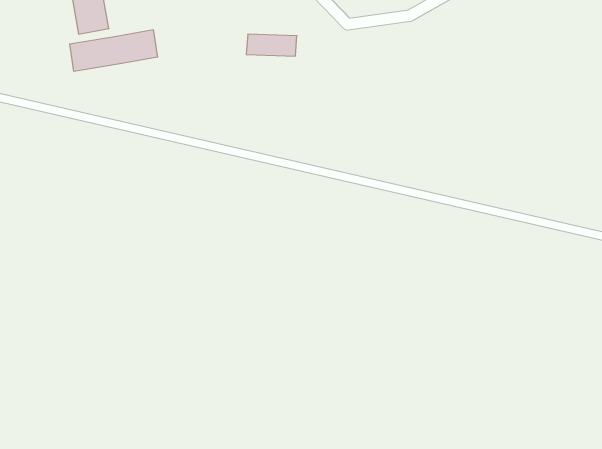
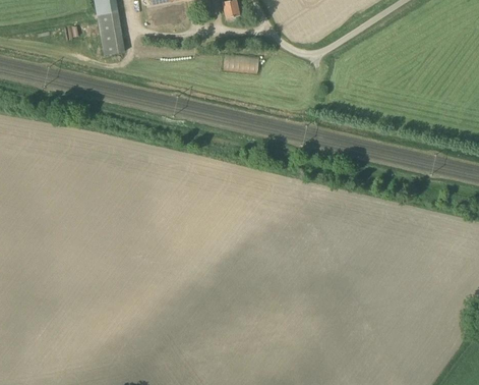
building: [70,30,158,71] -> none

